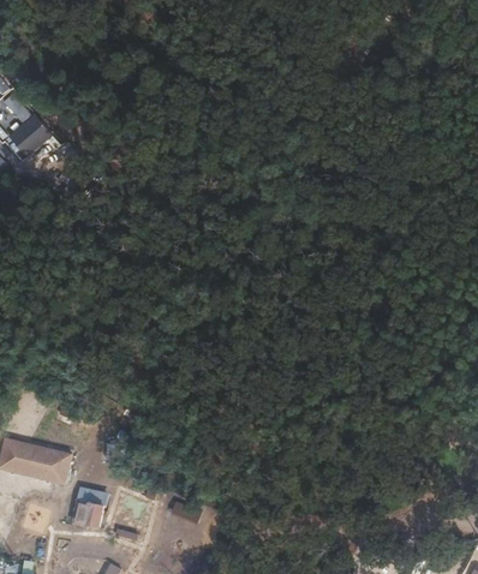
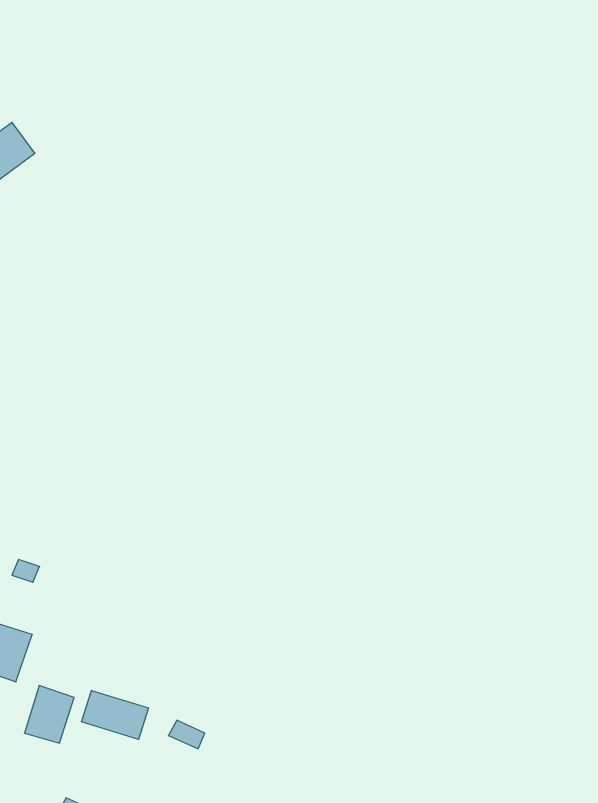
building: none -> [81,690,149,739]

